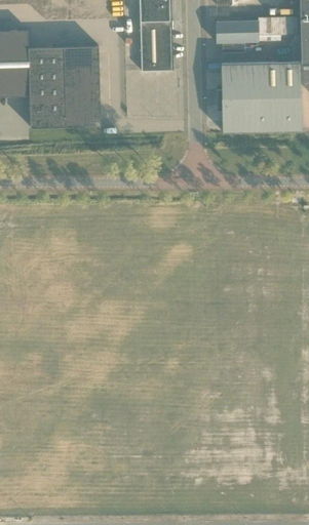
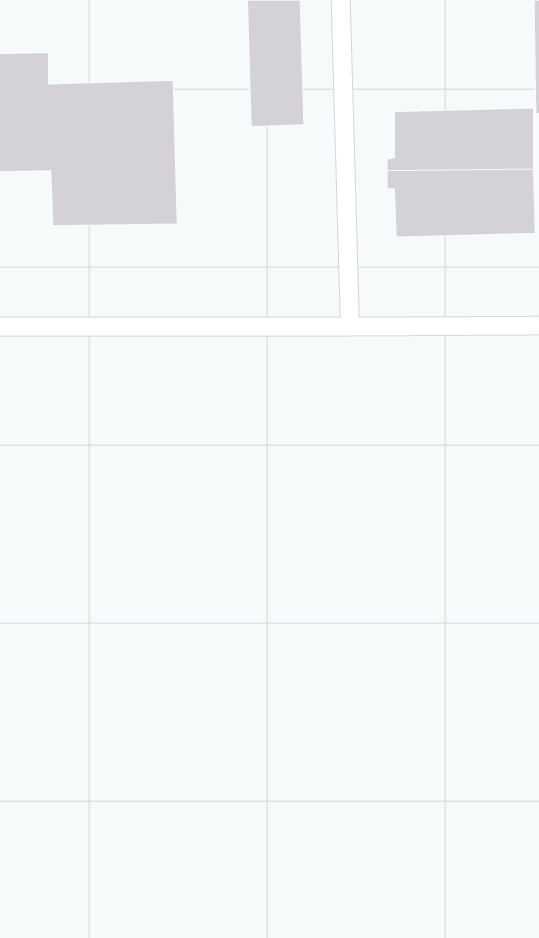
building: [217,16,297,52] -> none

